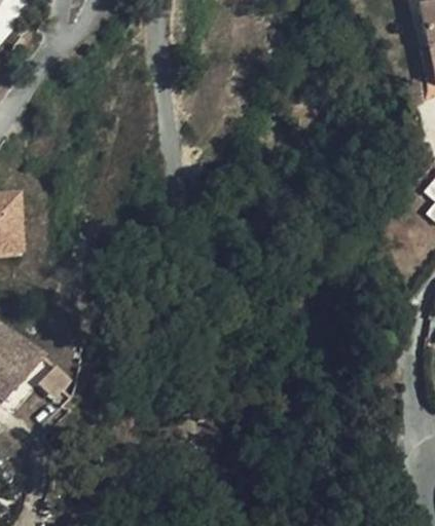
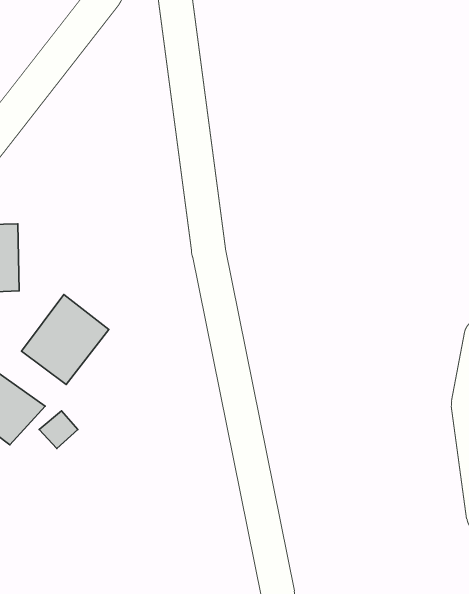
building: none -> [21,295,109,385]

